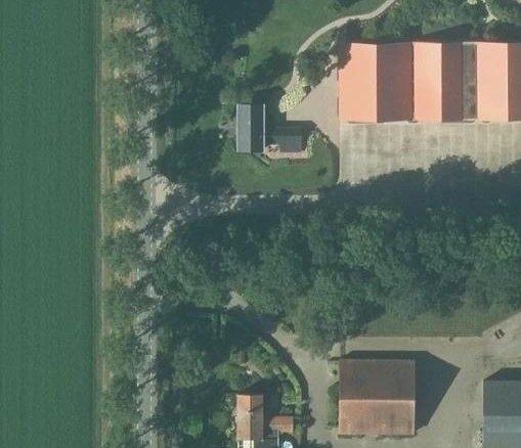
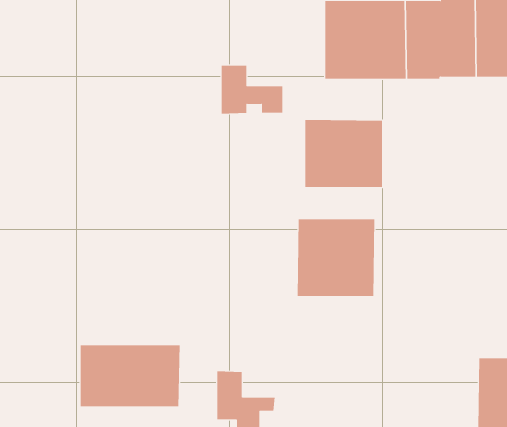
building: none -> [305,119,382,188]
building: [340,361,414,434] -> [297,219,375,296]
building: none -> [80,345,180,407]

